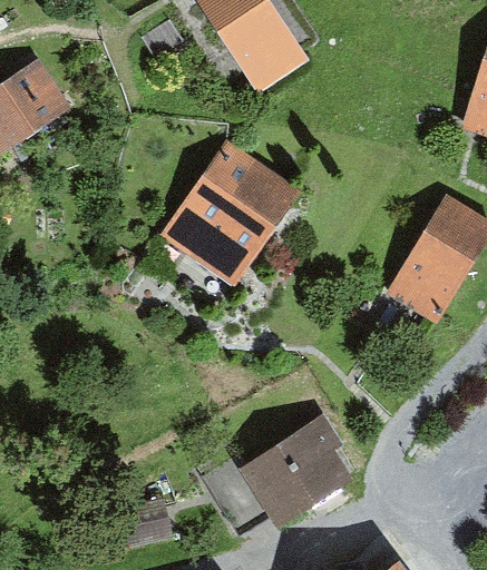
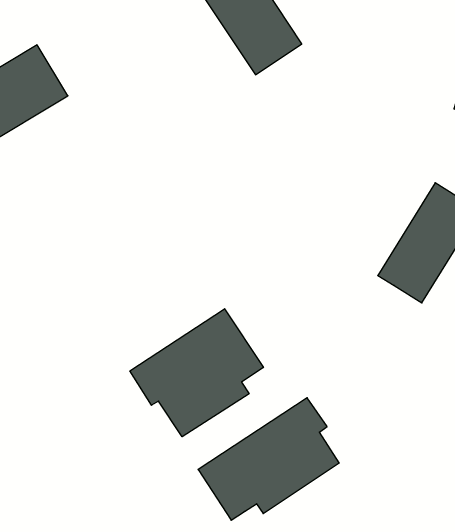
building: [162,146,293,284] -> none
building: none -> [130,309,263,437]

